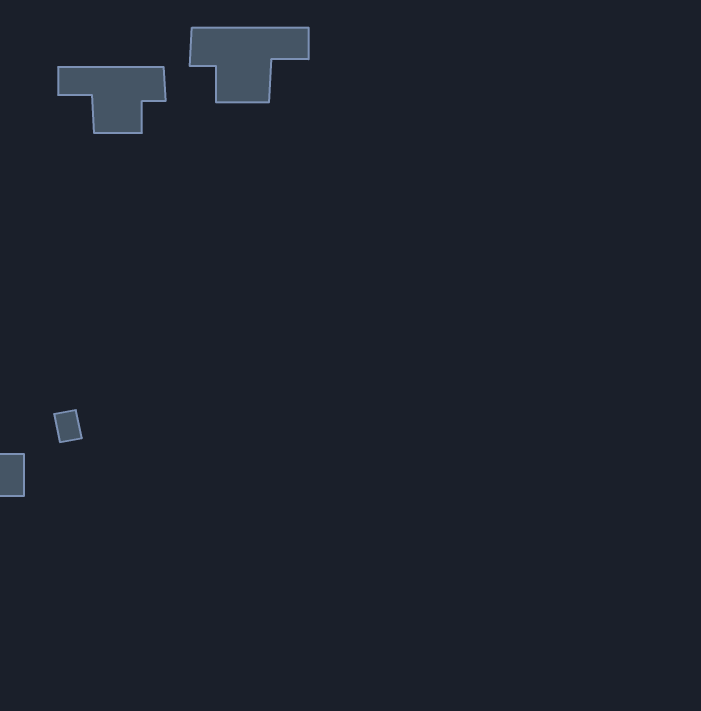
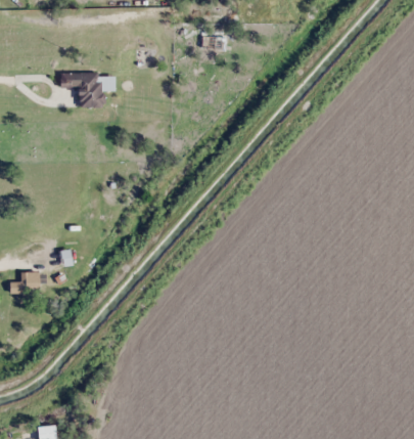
building: [190,28,309,102] -> none

